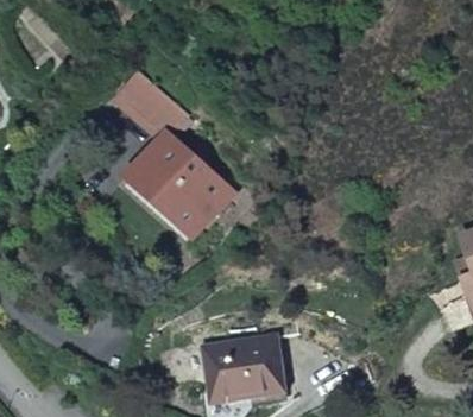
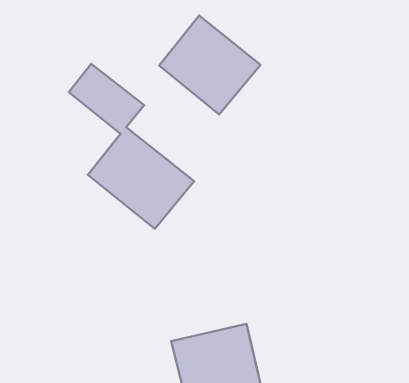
building: none -> [159,16,261,114]

